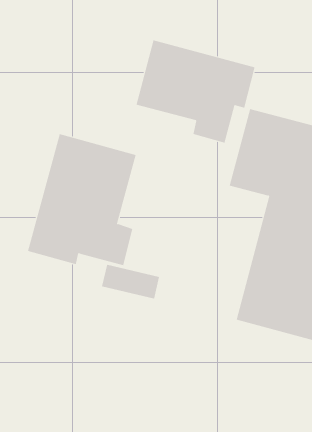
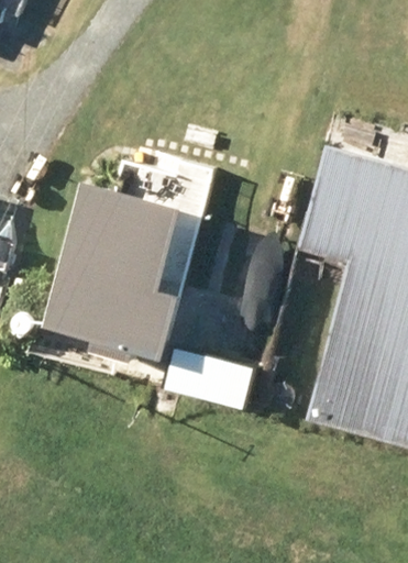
building: [136,39,255,143] -> none

